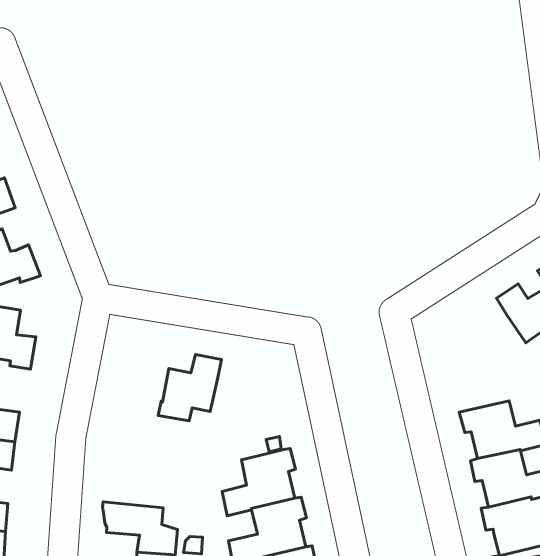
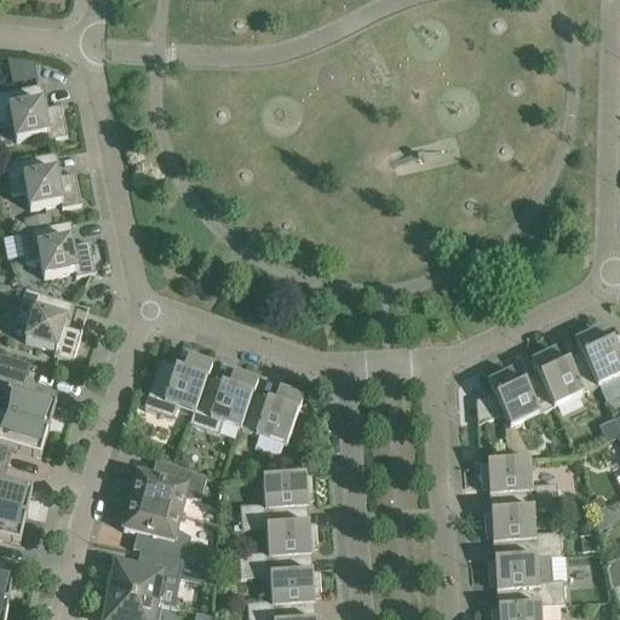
building: none -> [475,368,553,427]
building: none -> [143,354,212,417]
building: none -> [240,385,303,443]
building: none -> [124,463,206,512]

